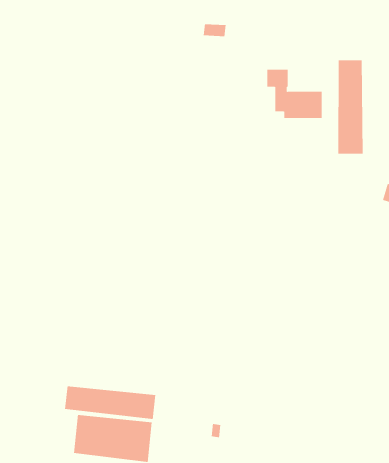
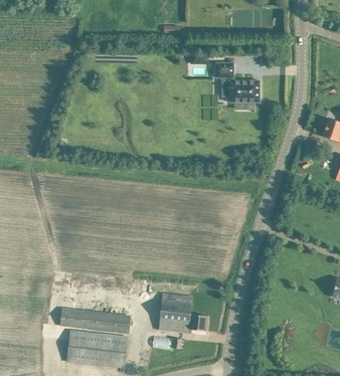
building: [338,60,363,155] -> none
building: none -> [158,294,206,334]

